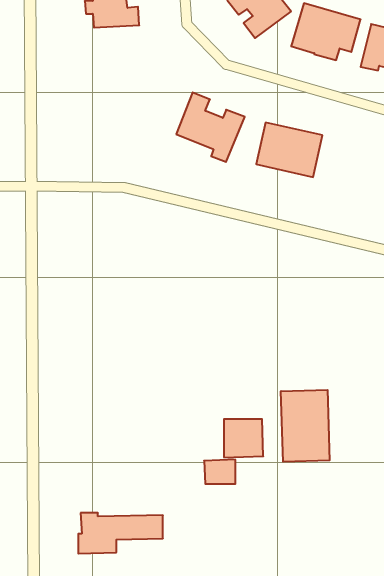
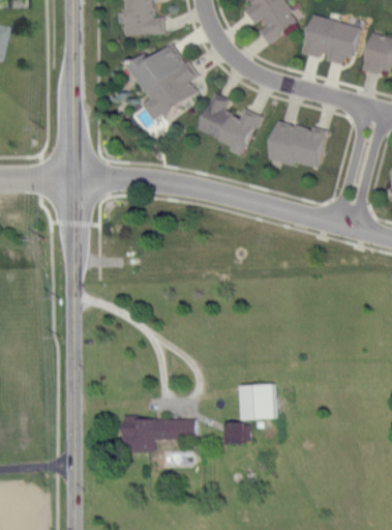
building: none -> [125,43,199,120]
building: [281,390,330,462] -> none
building: [78,513,163,554] -> [120,414,195,450]

